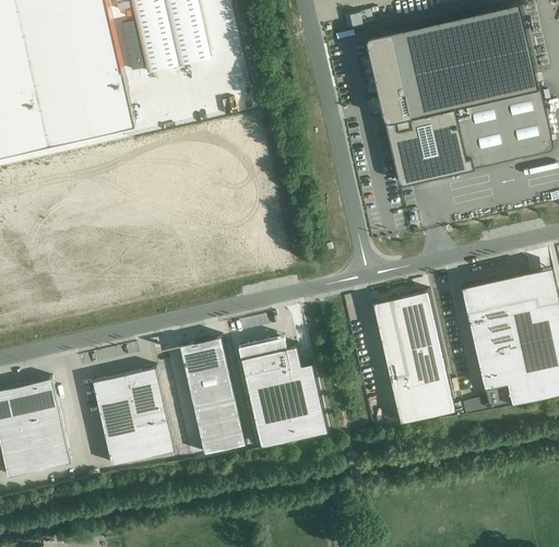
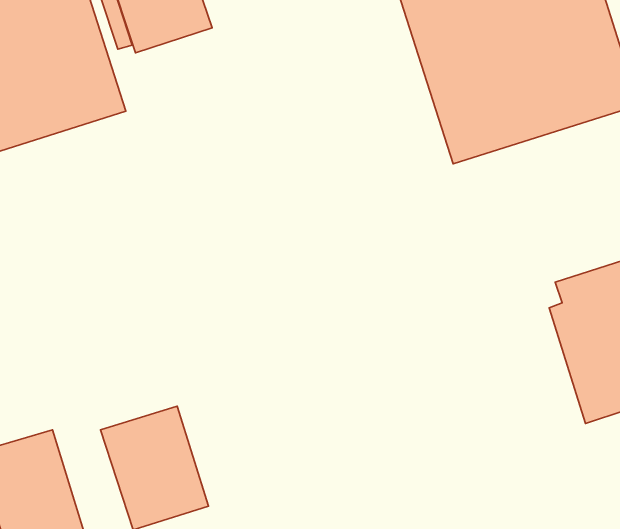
building: [372,290,456,425] -> none
building: [179,336,247,454] -> none
building: [238,336,329,448] -> none

